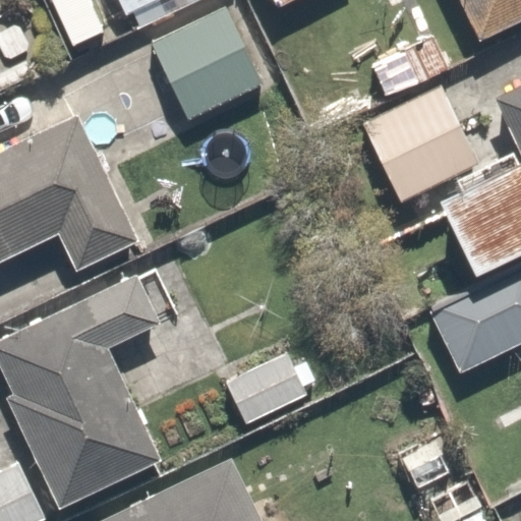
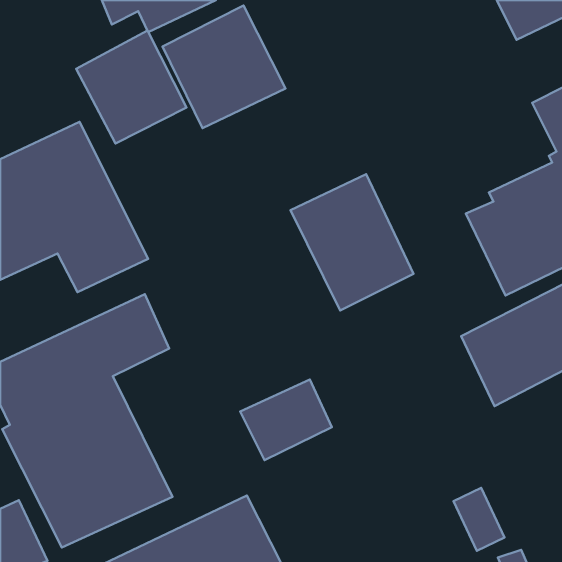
building: none -> [76,31,186,144]
building: [362,86,479,201] -> none
building: none -> [291,174,413,310]

